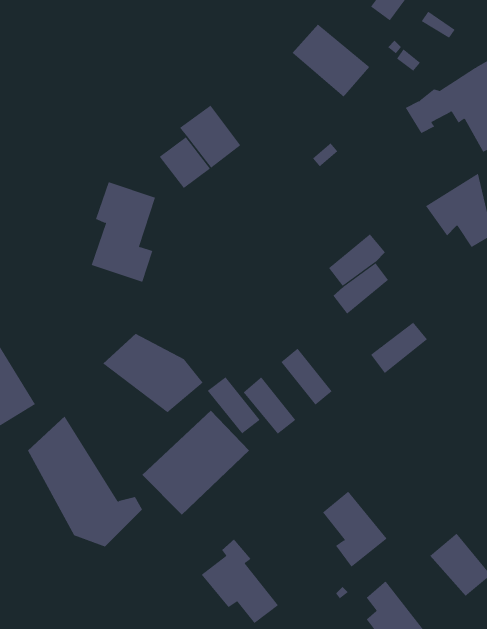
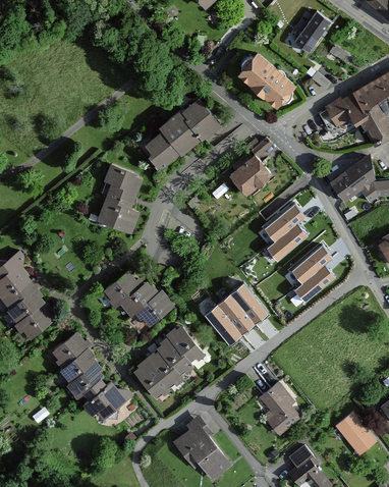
building: none -> [180,97,221,140]
building: none -> [228,154,269,194]
building: none -> [290,245,331,281]
building: [207,376,261,434] -> [216,292,254,333]

